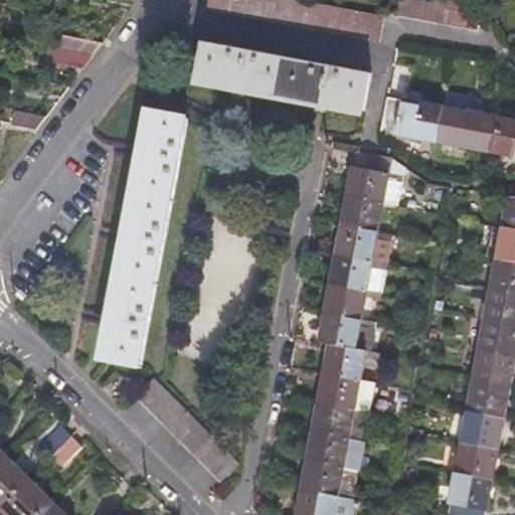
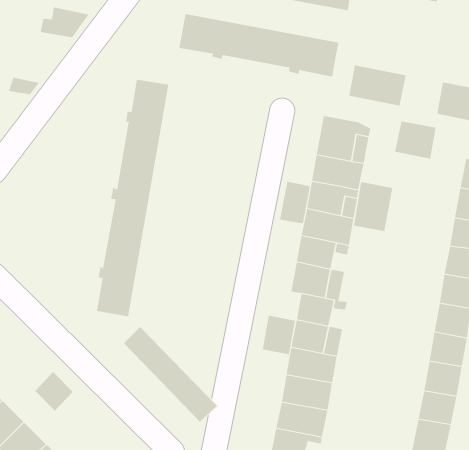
building: [434,108,479,149] -> [394,121,436,159]
building: none -> [279,181,310,224]
building: none -> [353,181,393,232]
building: none -> [262,315,296,355]

